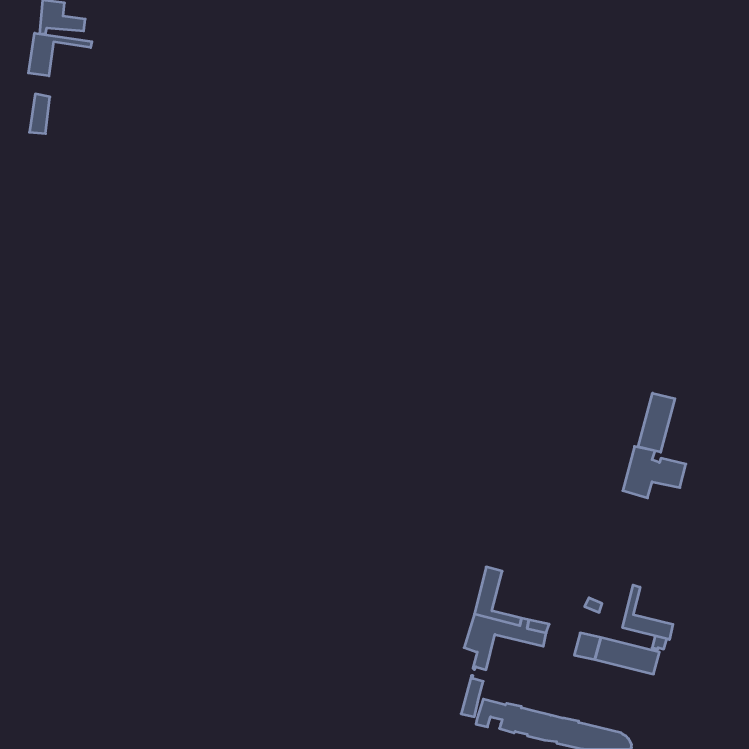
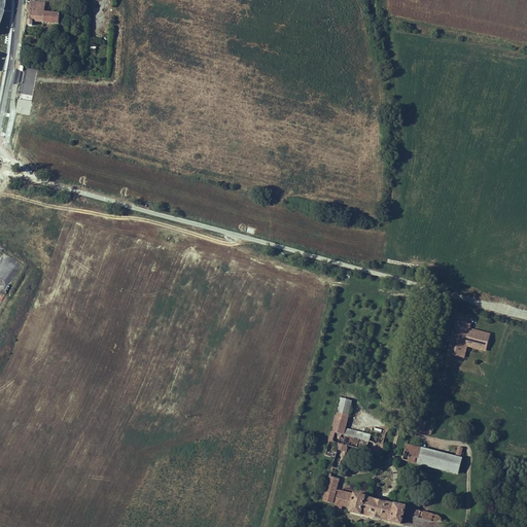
building: [28,33,92,76] -> none
building: [638,393,675,452] -> none
building: [623,585,673,640] -> none

